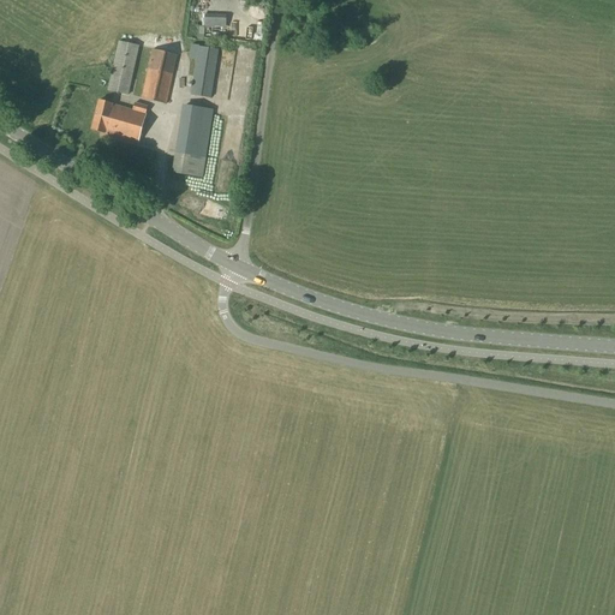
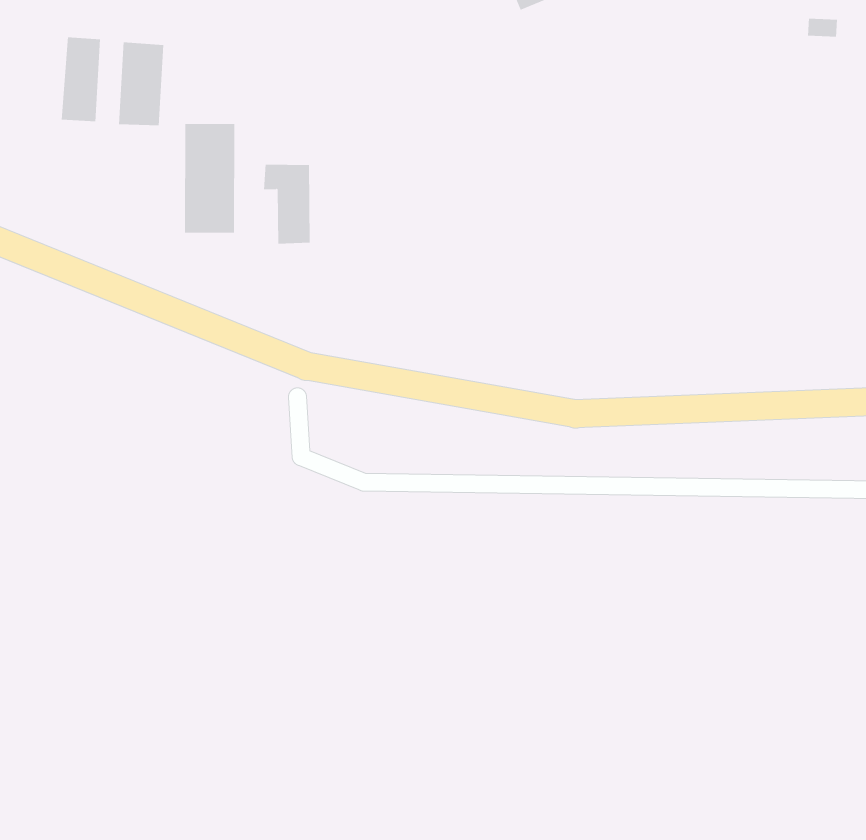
building: [187,43,219,96] -> [263,164,310,244]
building: [92,98,148,142] -> none

